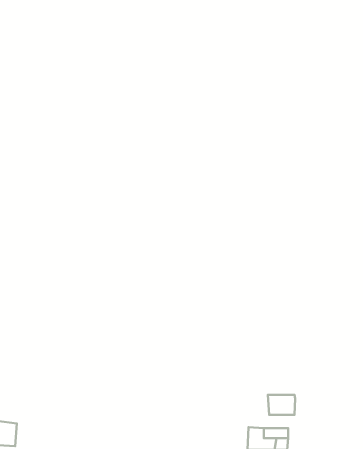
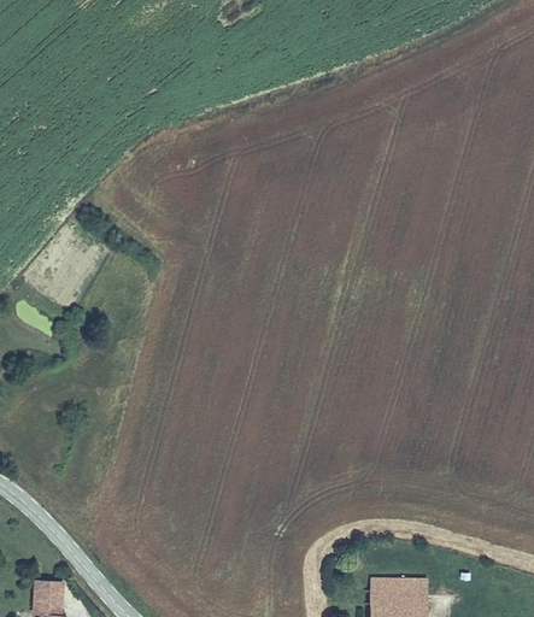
building: [268,395,295,415] -> none

